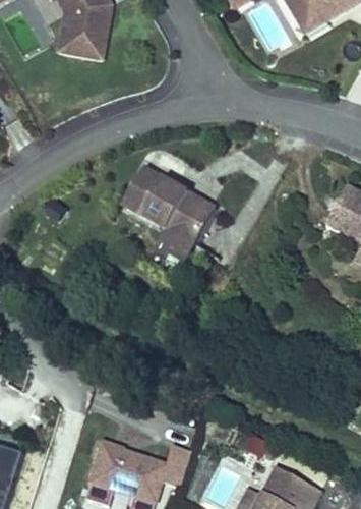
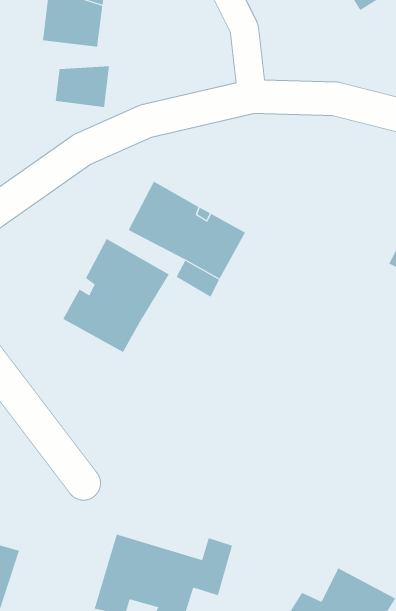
building: none -> [55,66,110,108]
building: none -> [63,238,169,353]

